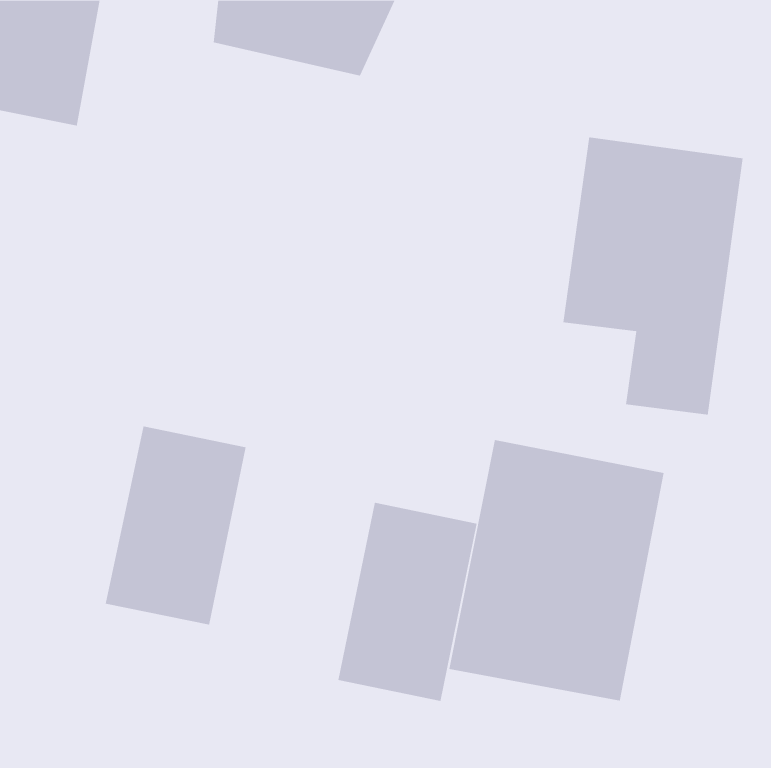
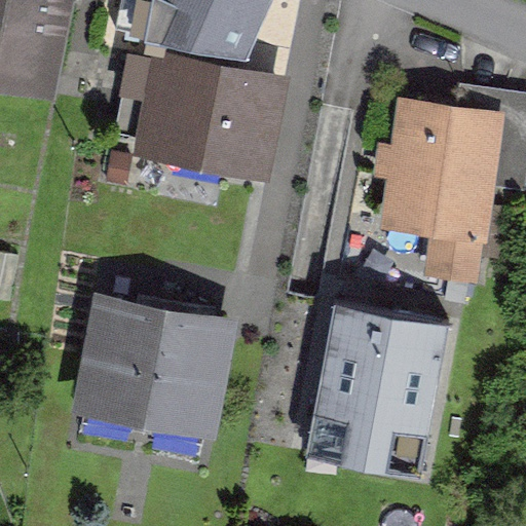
building: none -> [129,50,284,180]
building: [338,502,478,701] -> [142,308,236,443]

